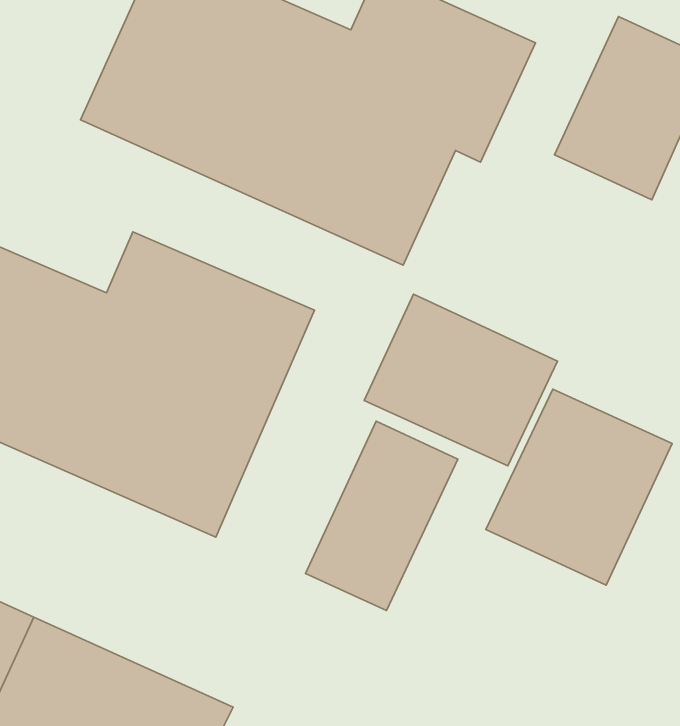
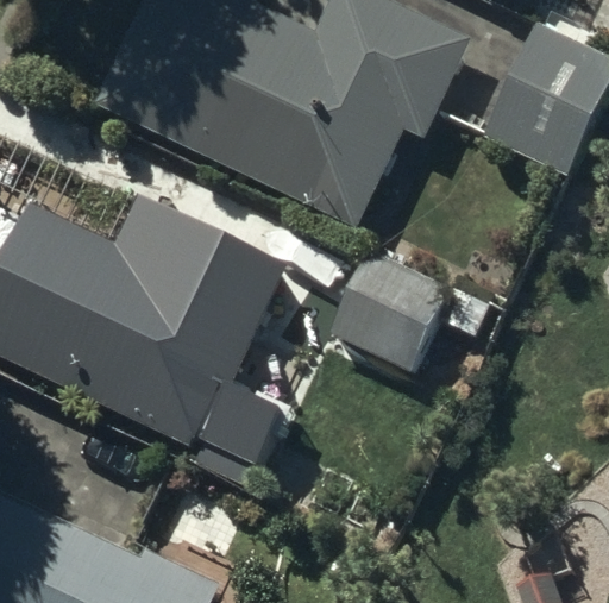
building: [486,389,672,585] -> none
building: [306,421,458,610] -> none

